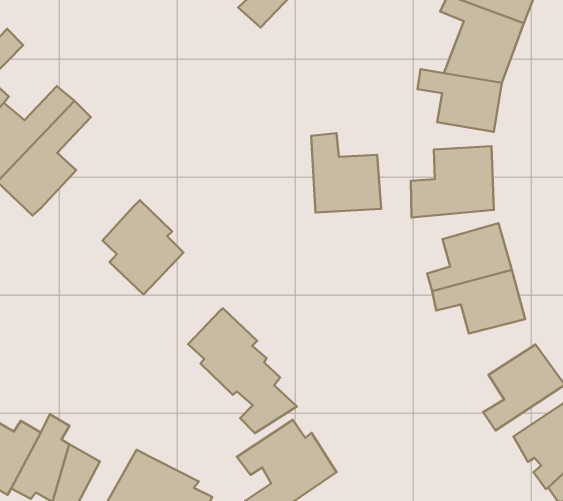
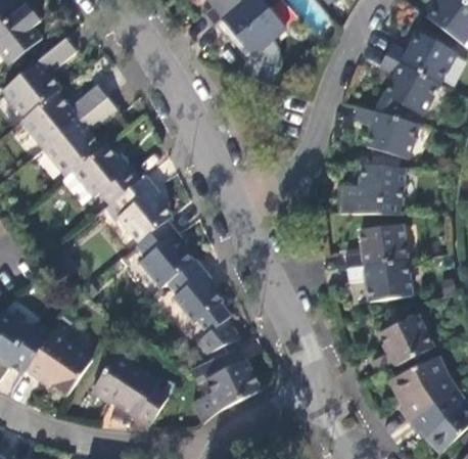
building: [311,133,381,212] -> none
building: none -> [59,144,139,206]
building: none -> [122,221,192,297]

